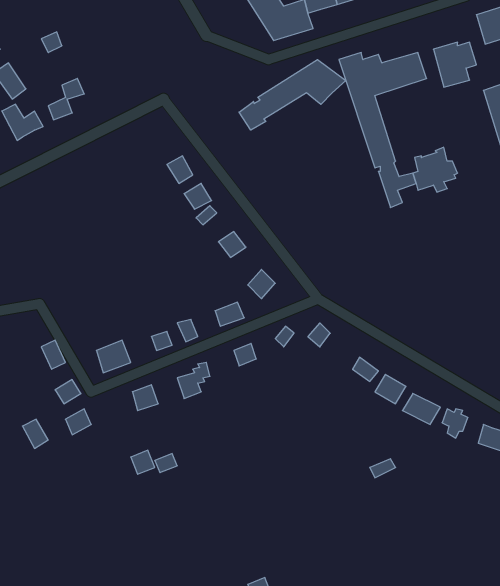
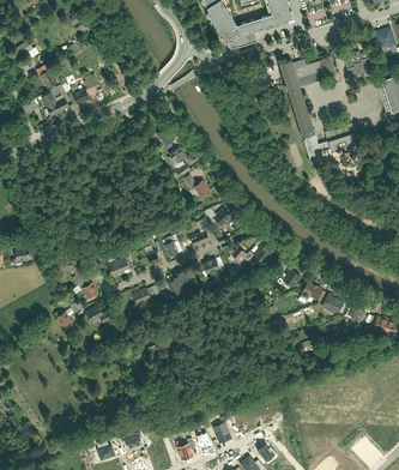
building: [239,60,346,130] -> none

